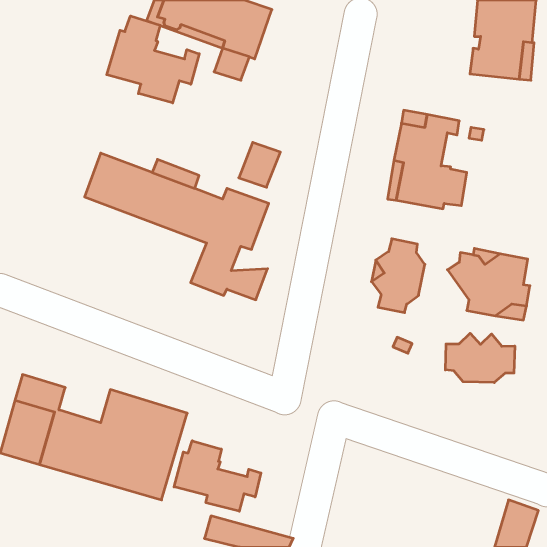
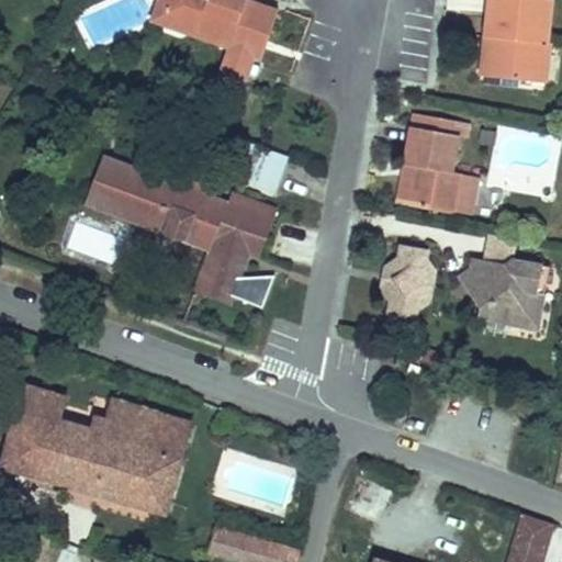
building: [107,16,199,103] -> none
building: [445,333,515,383] -> none
building: [174,441,261,511] -> none

